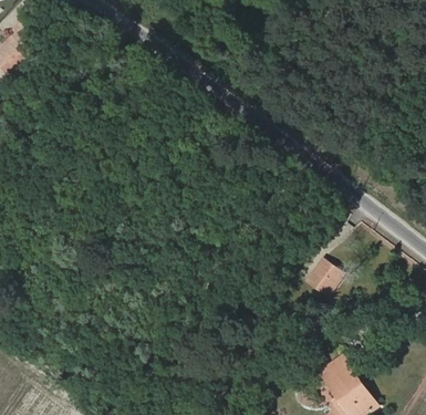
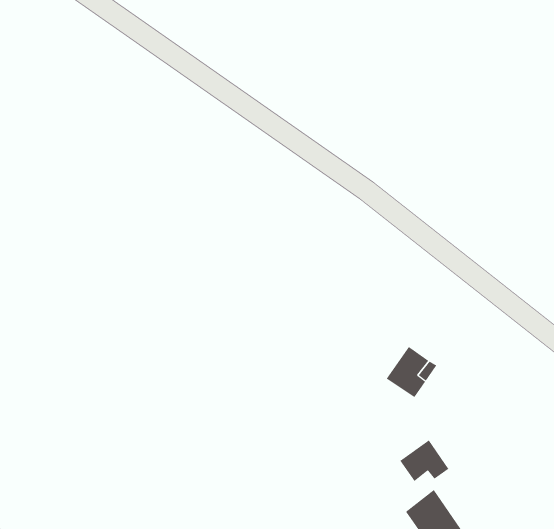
building: none -> [400,440,449,482]

